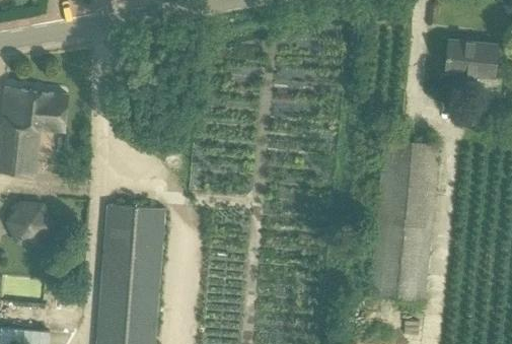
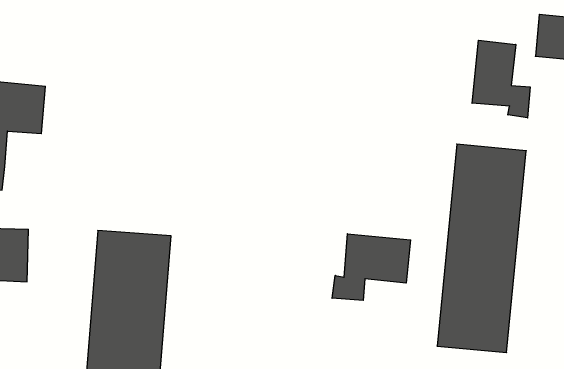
building: none -> [472,40,530,118]
building: none -> [332,234,411,300]

